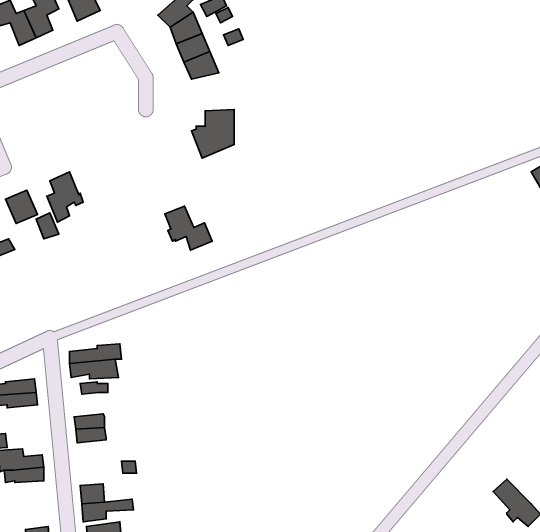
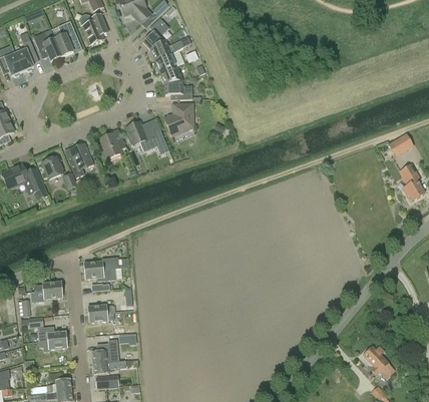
building: none -> [164,79,192,99]
building: none -> [99,132,126,158]
building: [165,206,212,250] -> [126,121,157,150]

